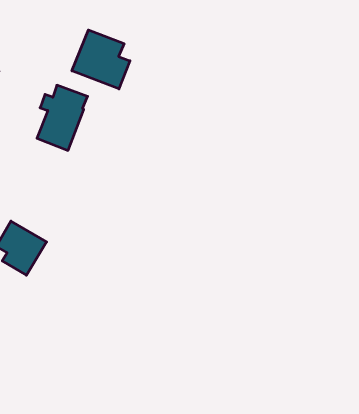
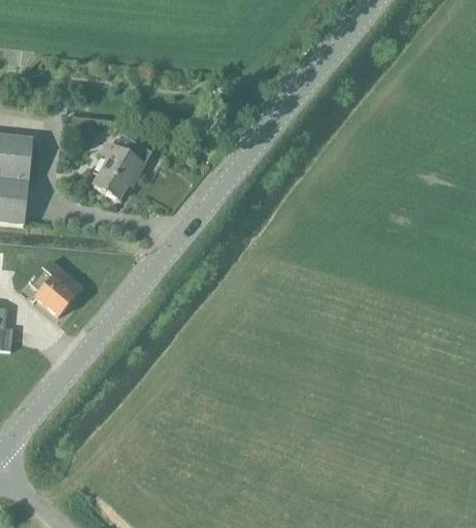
building: [72,30,130,89] -> none

